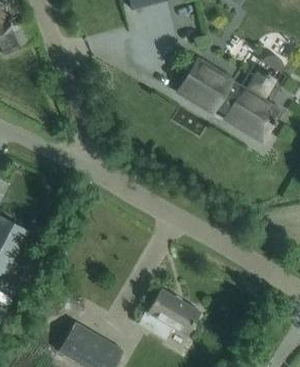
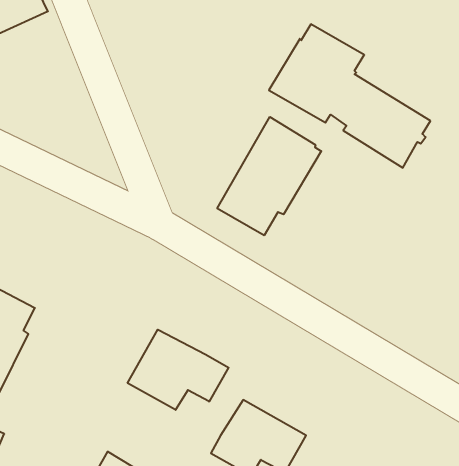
building: none -> [217,117,321,235]
building: none -> [128,330,229,410]

